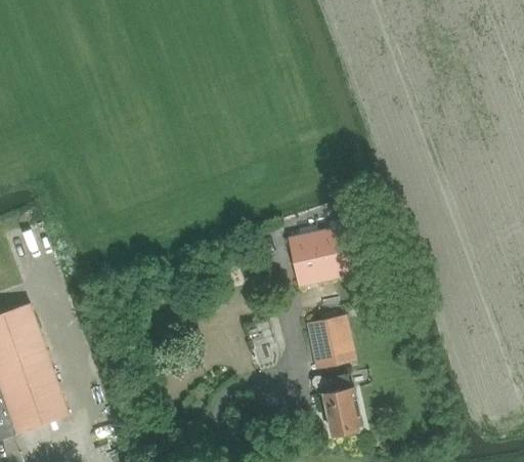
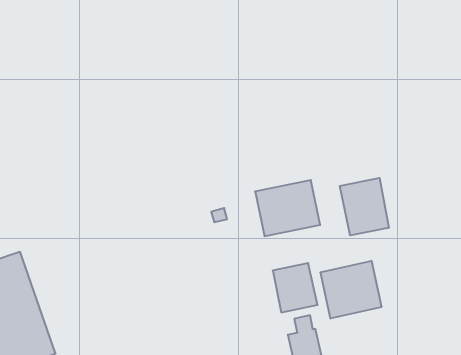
building: none -> [340,178,389,235]
building: none -> [320,261,382,319]

